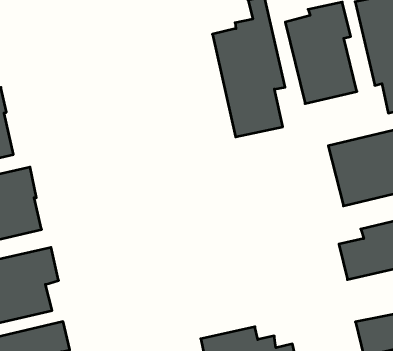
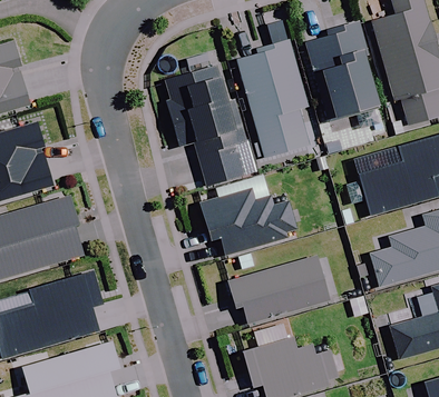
building: none -> [165,67,254,183]
building: none -> [199,175,295,255]
building: none -> [227,256,329,324]

